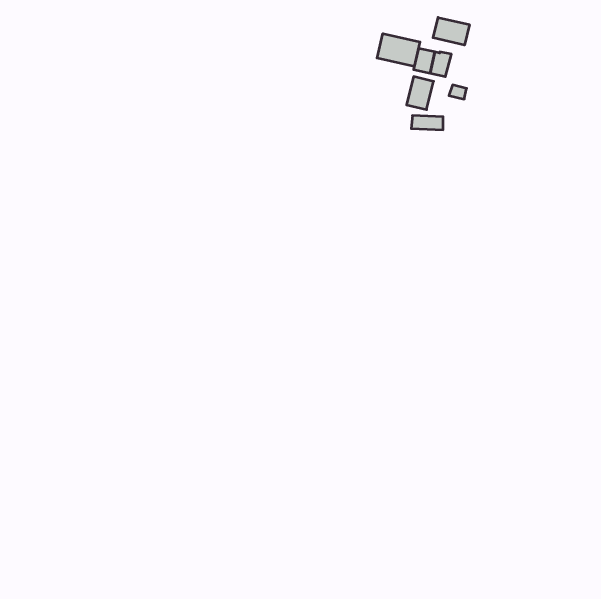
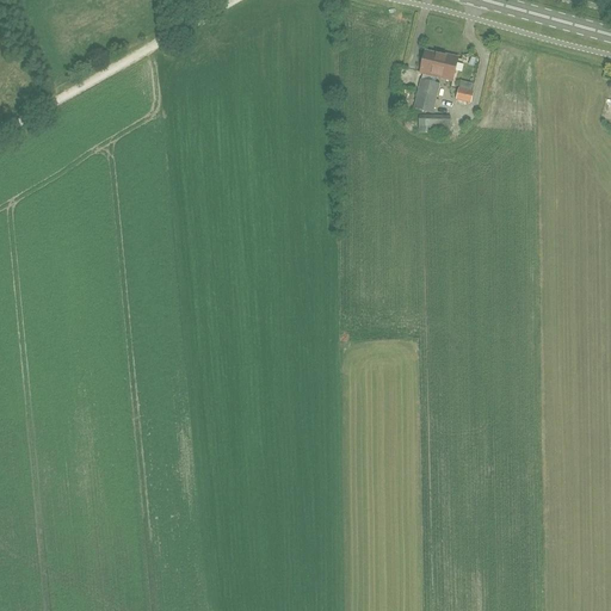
building: [433,17,469,45] -> none
building: [377,34,420,66] -> none

